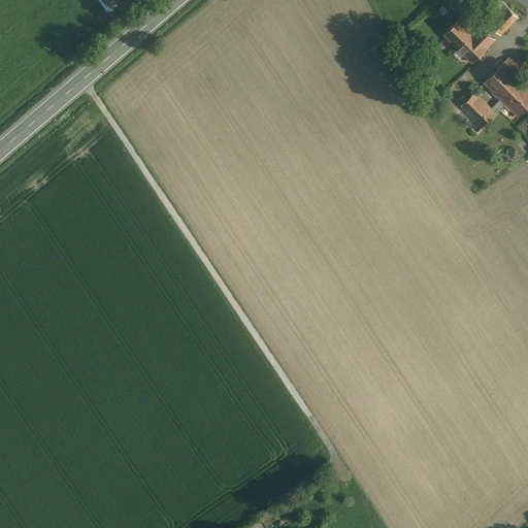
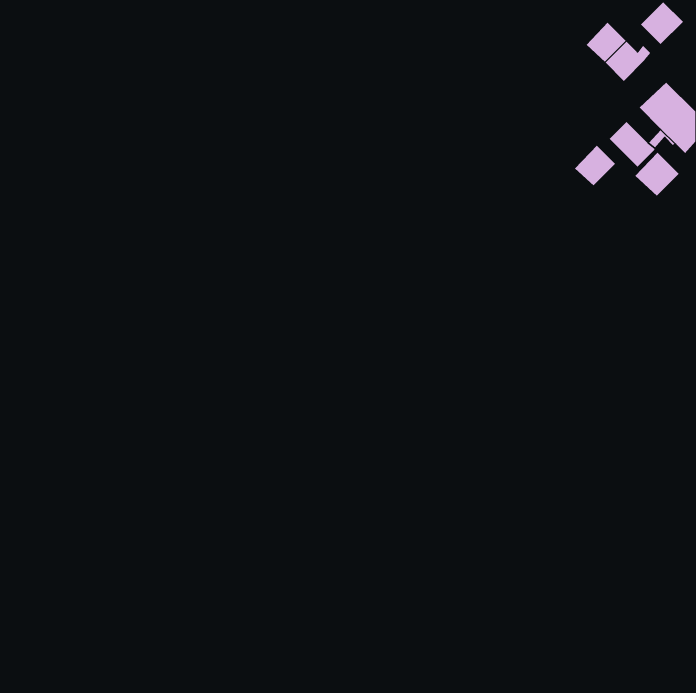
building: none -> [574,145,616,186]
building: none -> [635,152,680,196]

